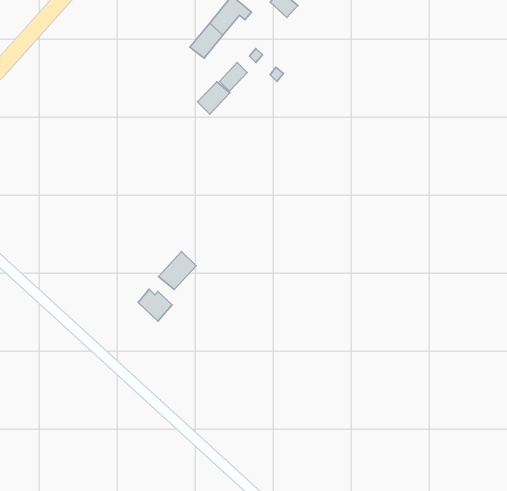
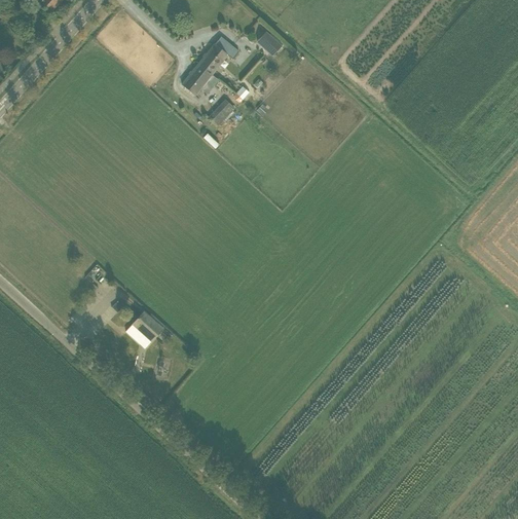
building: [197,82,230,114] -> none
building: [158,252,196,290] -> none

